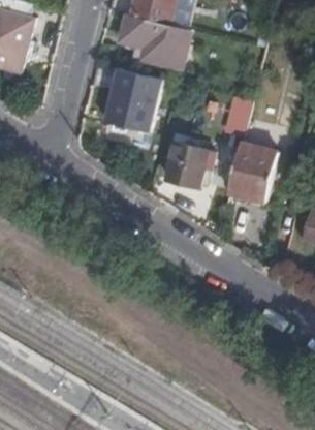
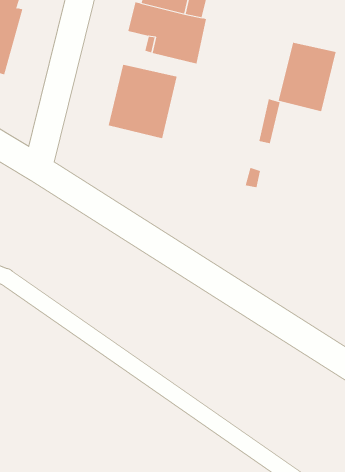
building: [226,142,276,201] -> [278,42,337,112]
building: [166,144,208,185] -> none

